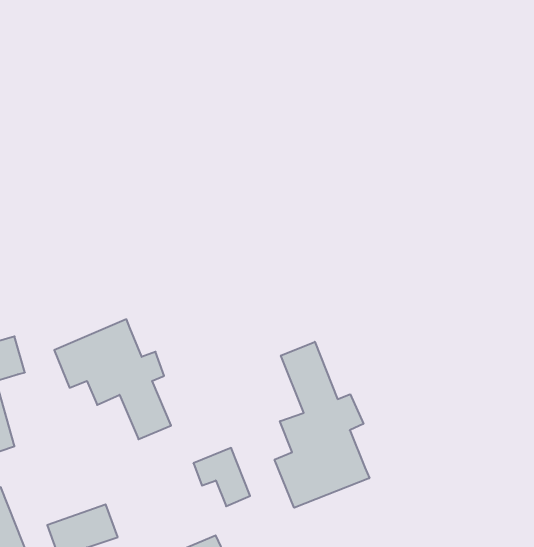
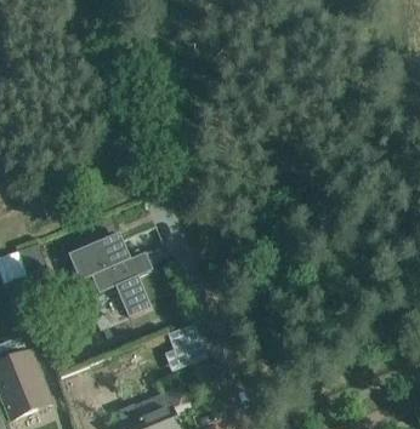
building: [275,342,369,508] -> none

